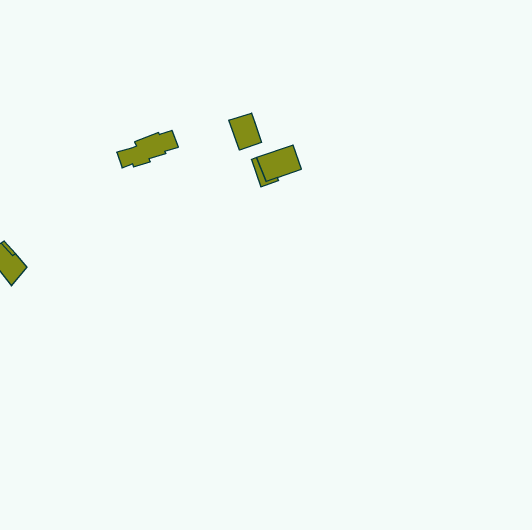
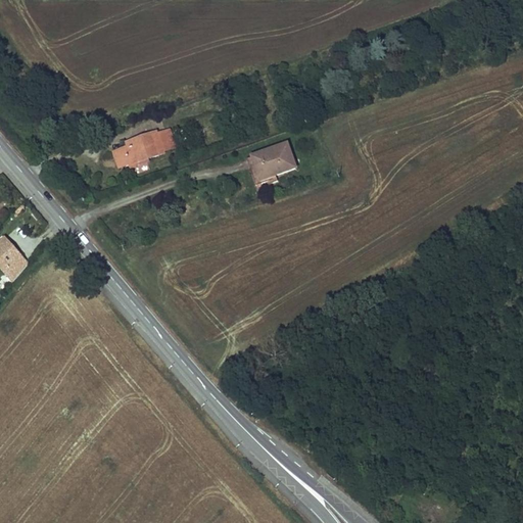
building: [229,113,262,150] -> none

